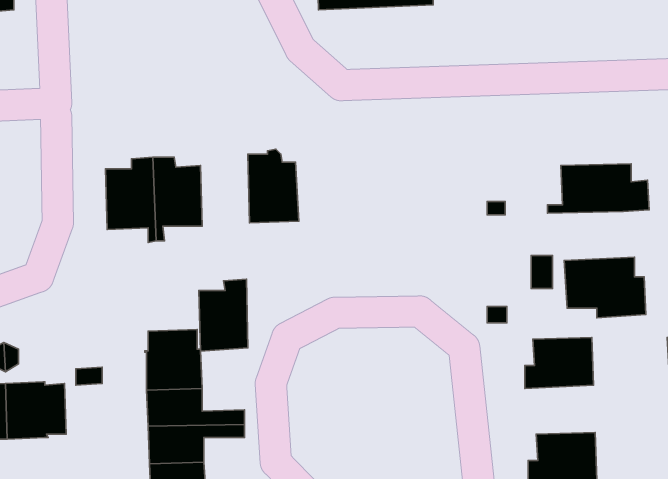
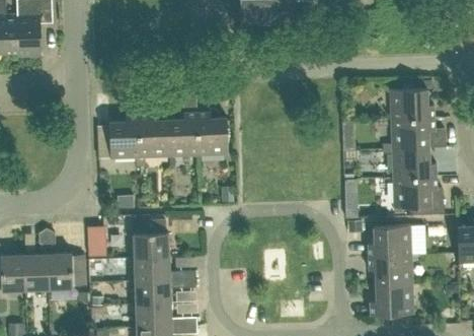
building: none -> [390,88,434,120]
building: none -> [383,148,437,179]
building: [199,279,248,351] -> [168,113,199,157]
building: none -> [369,256,412,286]

